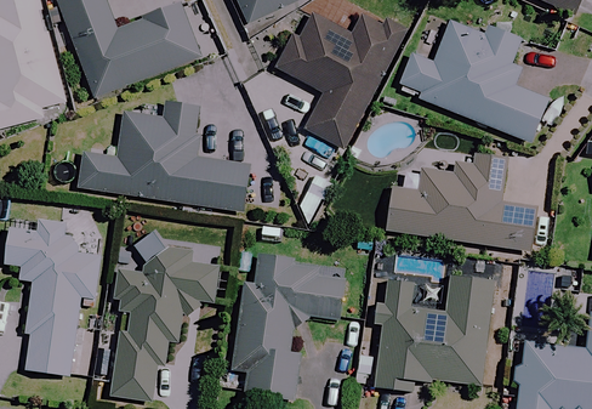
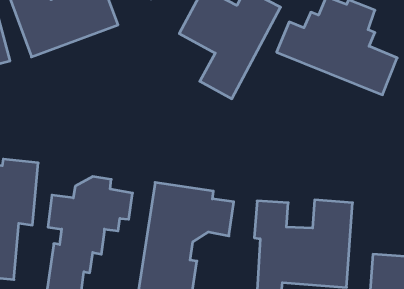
building: [80,81,250,210] -> none
building: [383,153,539,250] -> none

